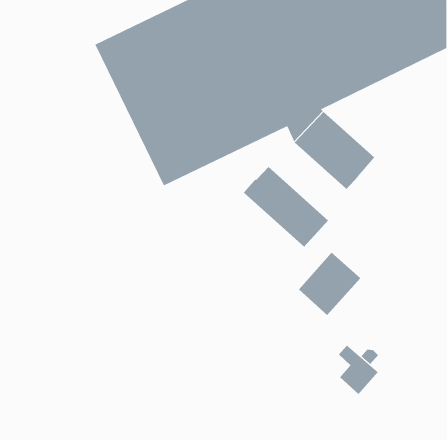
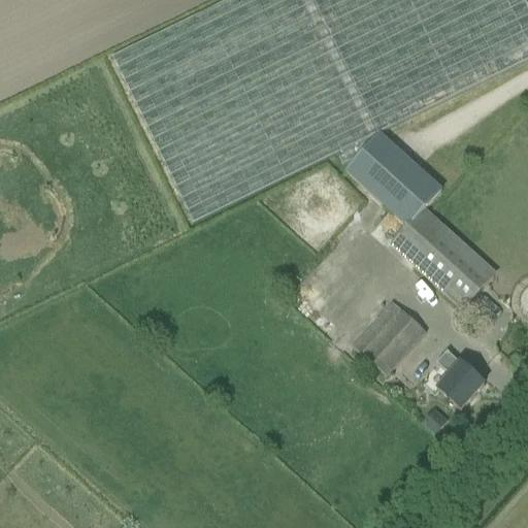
building: [243,166,329,248] -> [393,208,494,304]
building: [338,345,378,395] -> [437,348,485,406]

